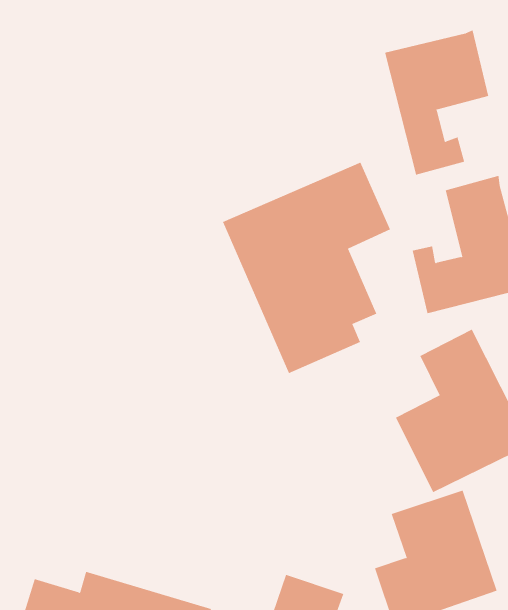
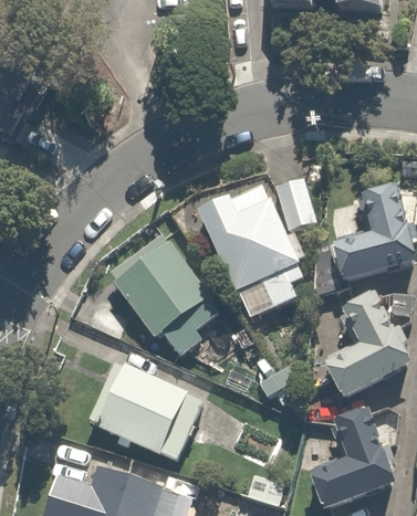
building: [384,30,489,176] -> none
building: none -> [107,241,213,356]
building: none -> [90,364,206,463]

